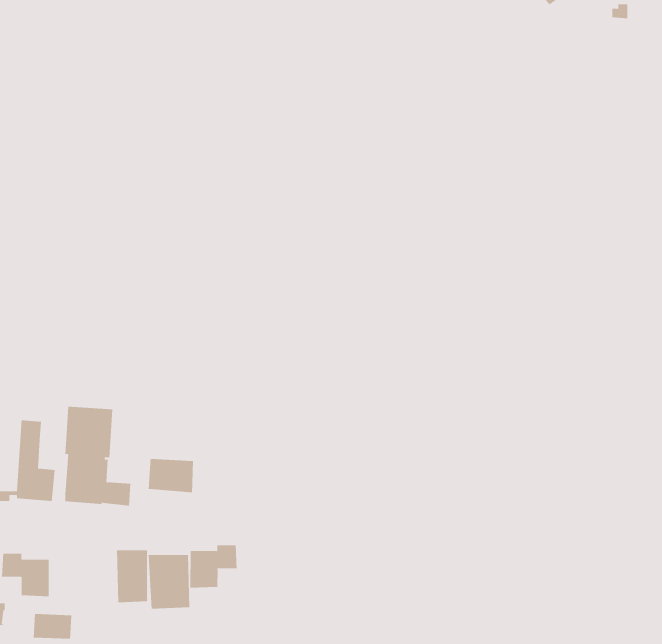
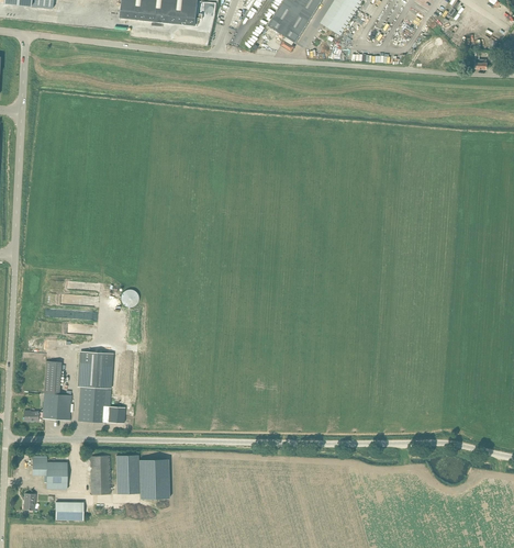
building: [148,458,193,493] -> none
building: [190,544,237,588] -> none
building: none -> [90,455,111,494]

